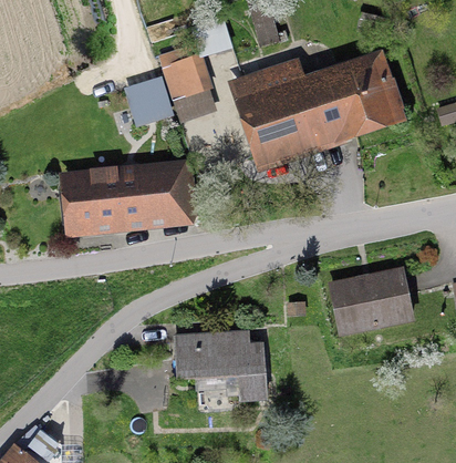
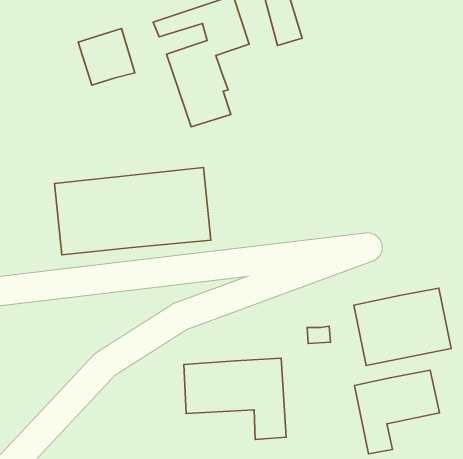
building: [227,48,408,172] -> none
building: [122,76,173,127] -> [78,29,135,85]
building: none -> [354,370,439,454]

